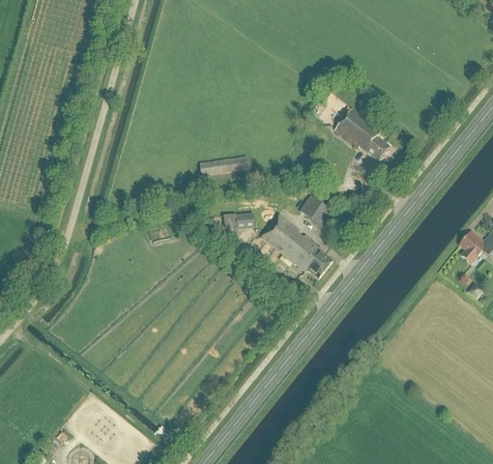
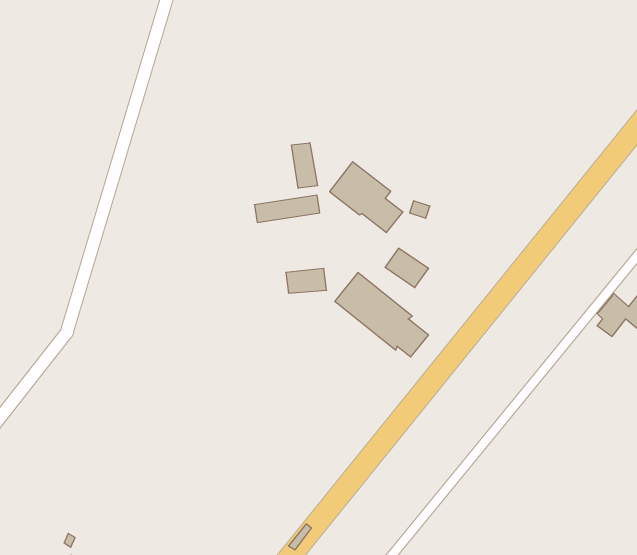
building: [335,108,390,162] -> [330,162,403,232]
building: none -> [292,143,318,188]

